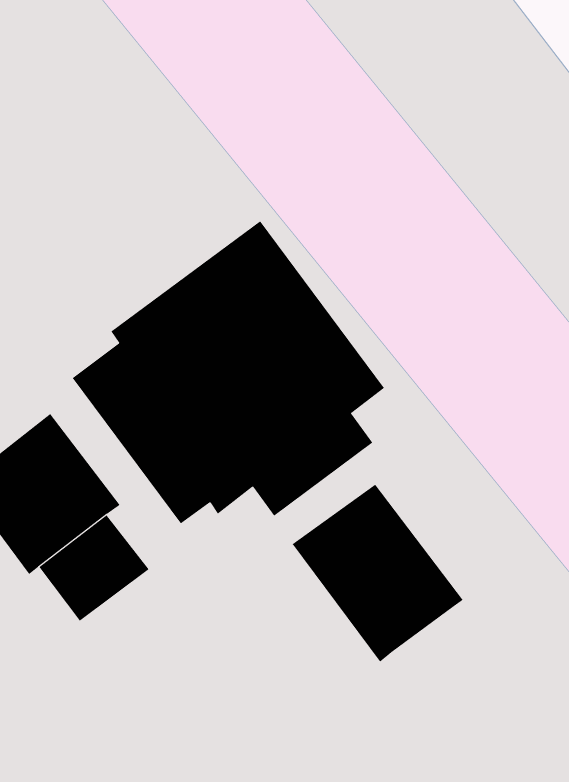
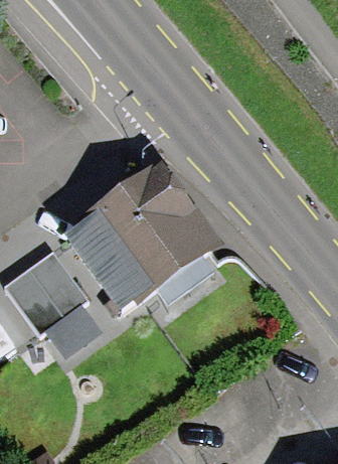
building: [292,484,463,662] -> none

